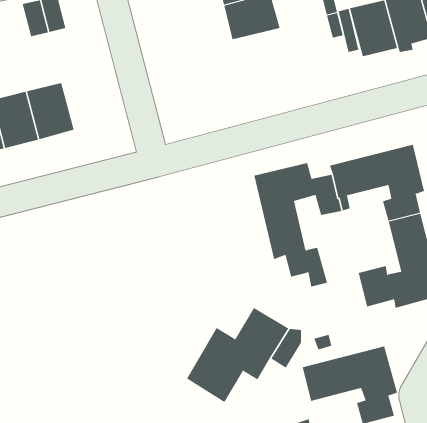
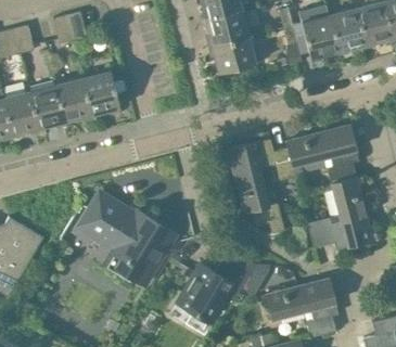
building: none -> [213,37,256,73]
building: none -> [84,70,120,114]
building: none -> [79,193,176,284]

